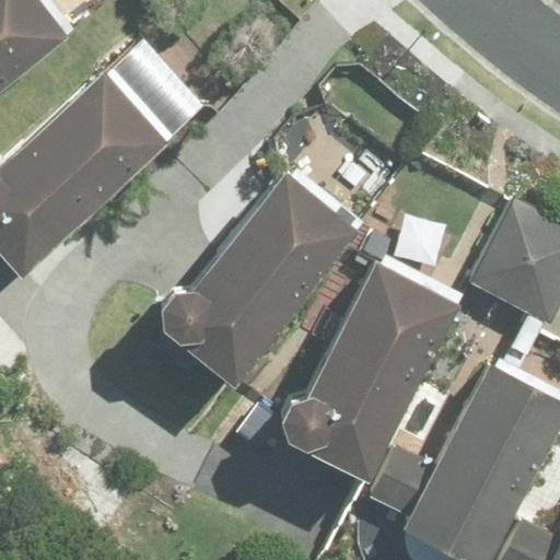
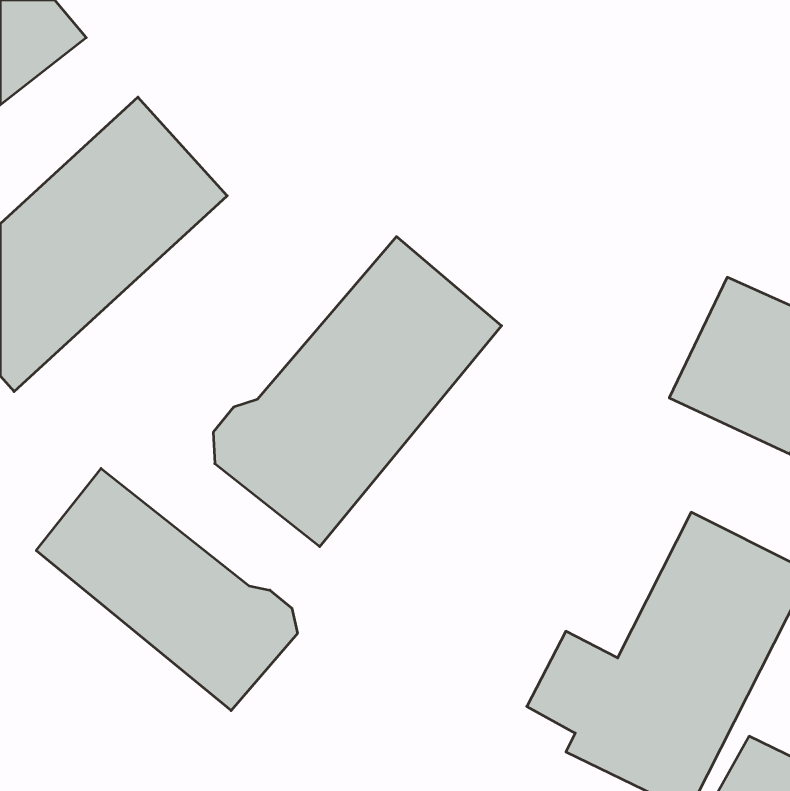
building: [276,260,463,486] -> none
building: none -> [36,468,297,711]

